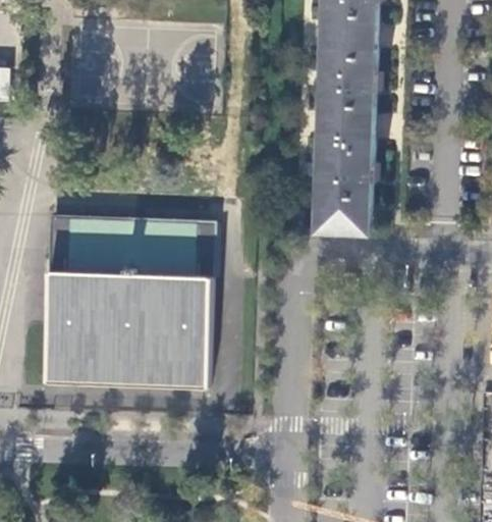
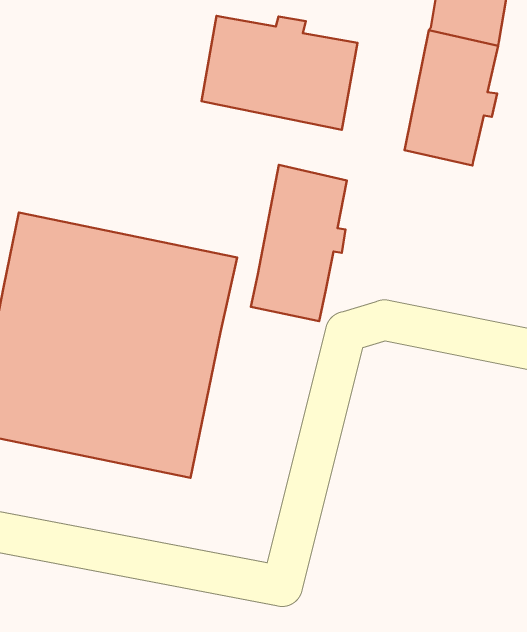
building: none -> [201,16,357,130]
building: [317,123,376,231] -> [251,165,347,321]

